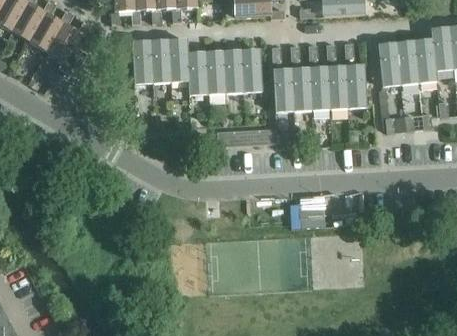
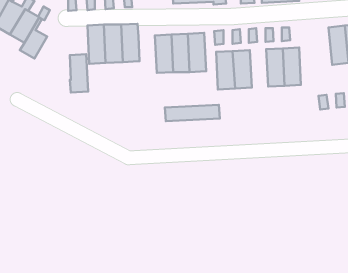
building: [378,43,400,86] -> none
building: [188,52,208,94] -> [70,54,88,93]
building: [310,67,330,109] -> none

